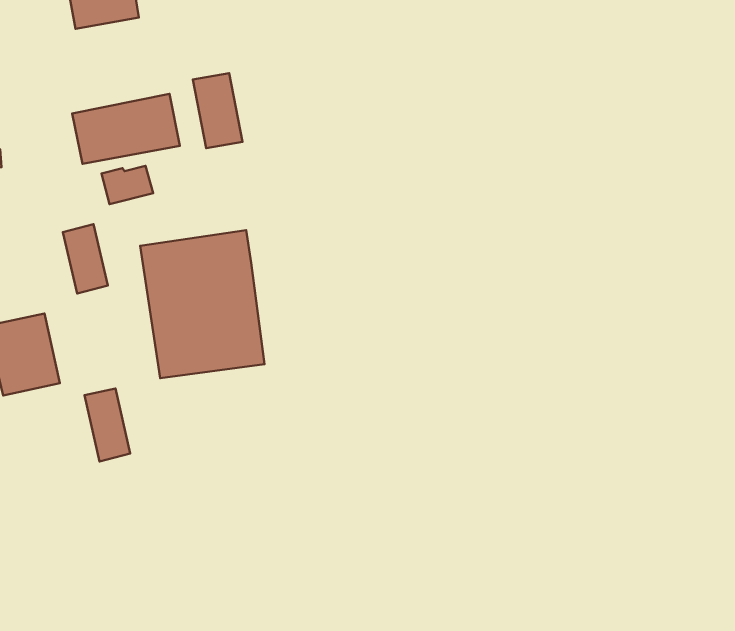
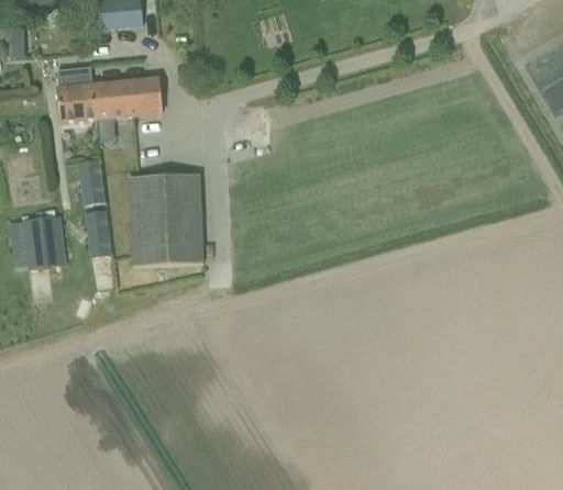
building: [193,73,243,148] -> none
building: none -> [55,67,95,122]
building: [85,389,130,461] -> [84,210,110,257]

